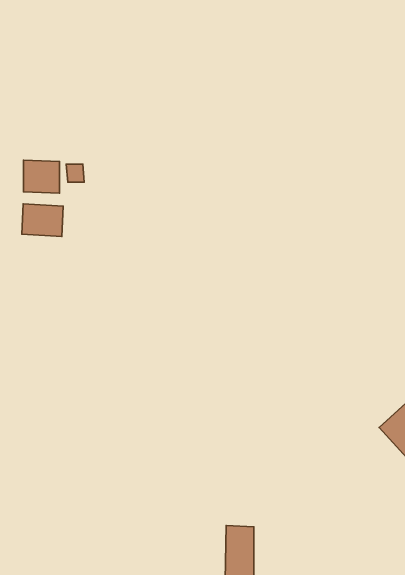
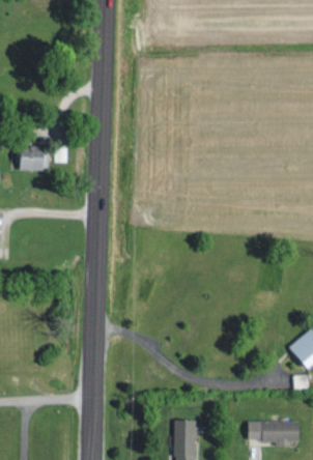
building: [22,204,63,237] -> none
building: none -> [247,422,301,445]

